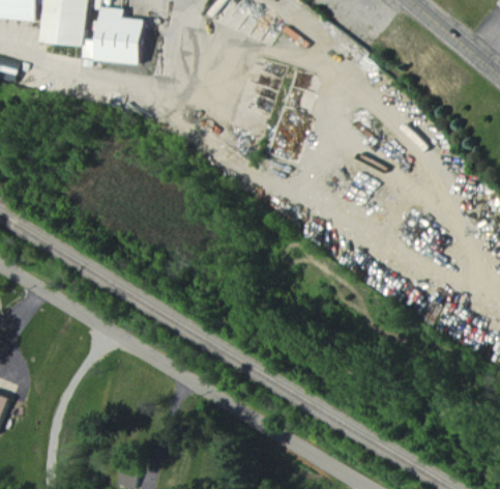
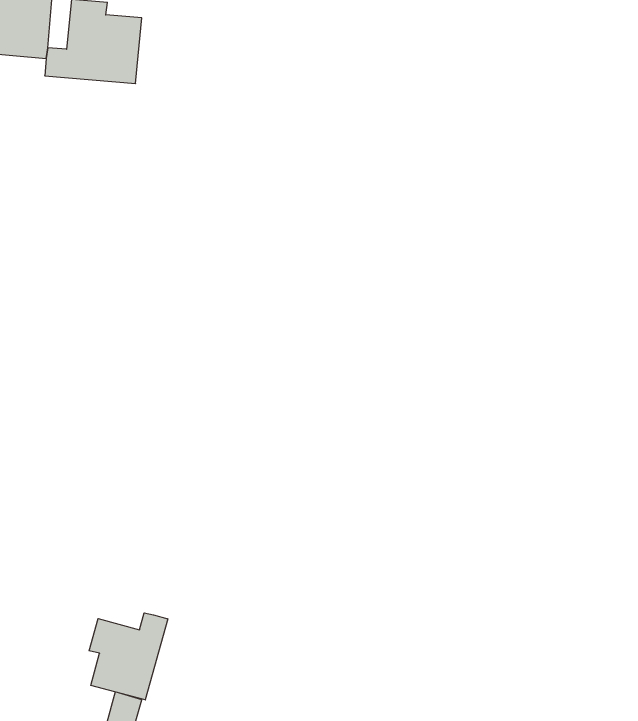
building: none -> [89,613,168,700]

